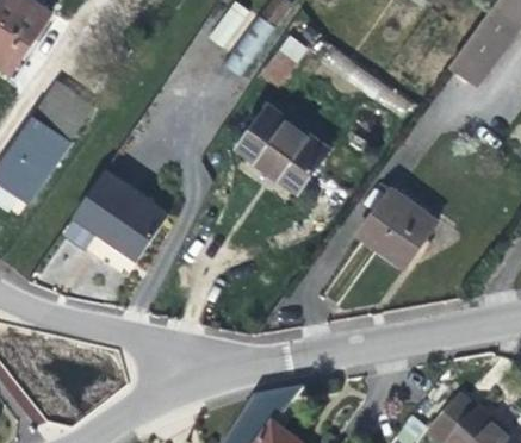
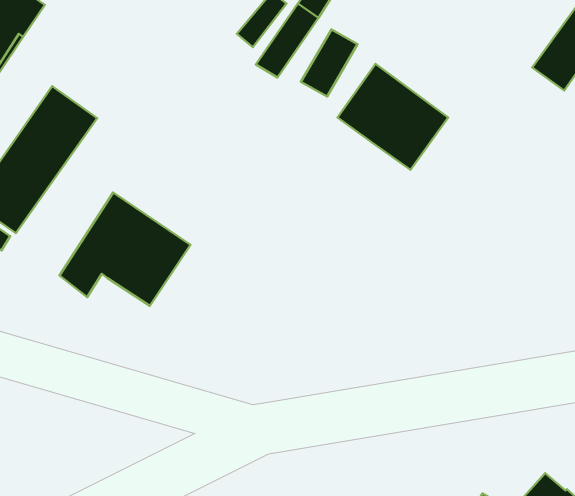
building: [237,105,328,192] -> [338,64,448,170]
building: [358,188,436,267] -> none

